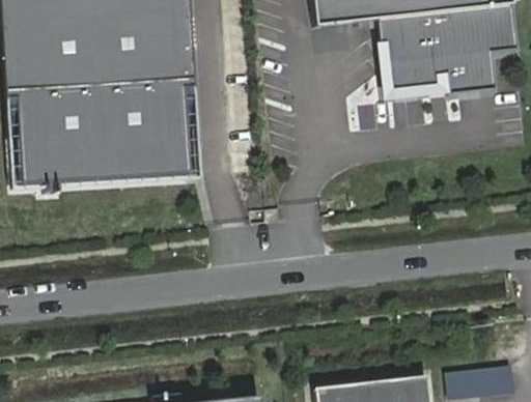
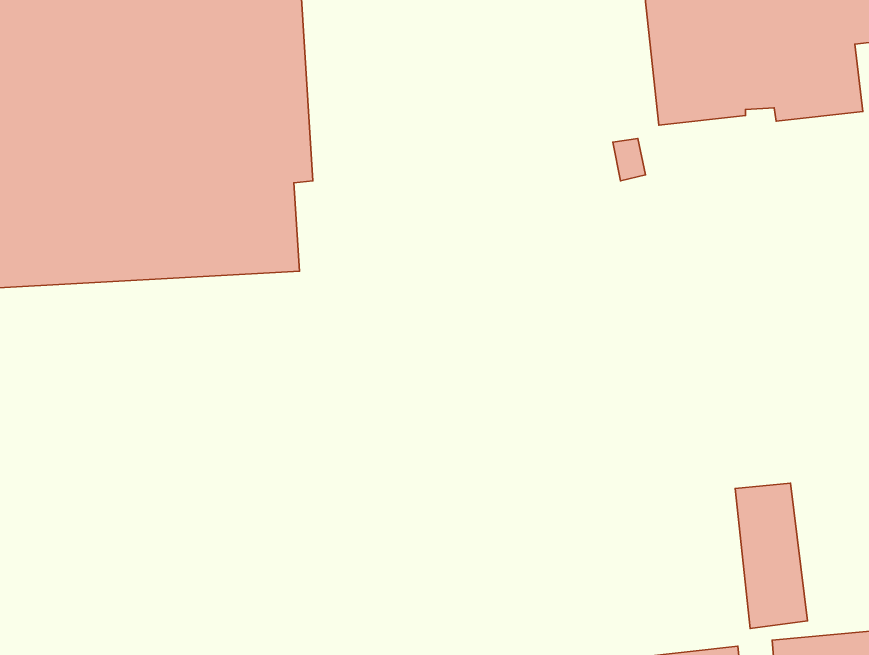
building: none -> [735,483,807,629]

